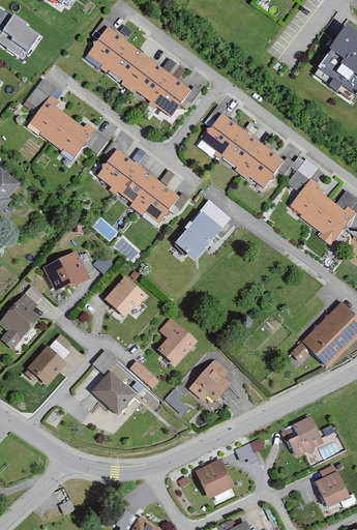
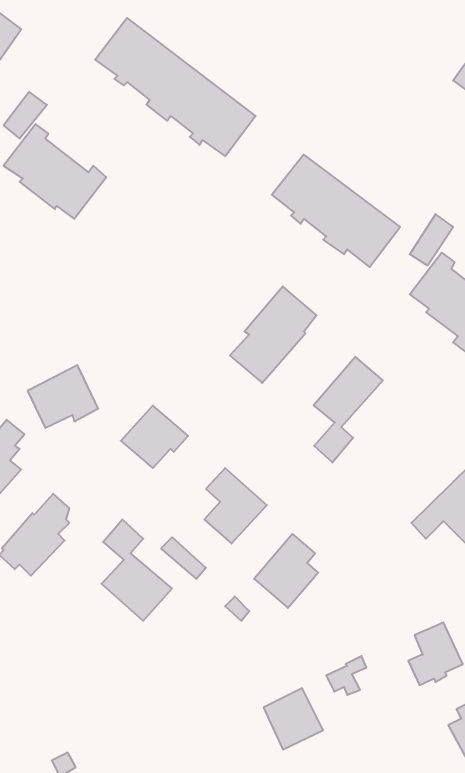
building: [96,149,178,222] -> none
building: none -> [314,357,383,463]

